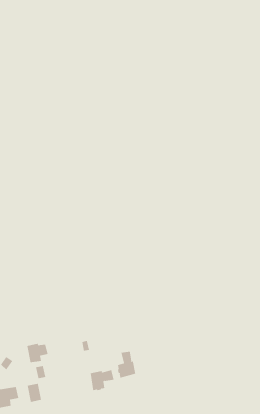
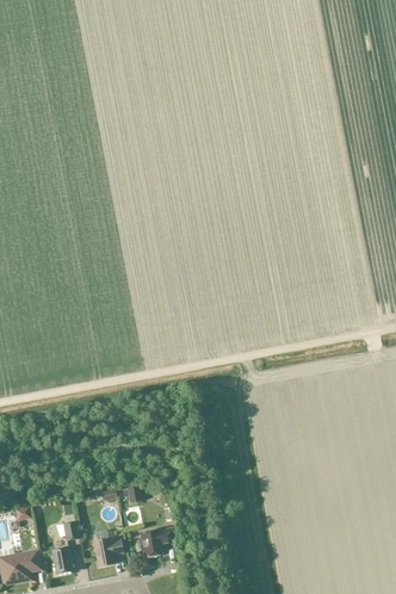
building: [27,343,48,363] -> [93,538,124,565]
building: [117,351,136,378] -> none

